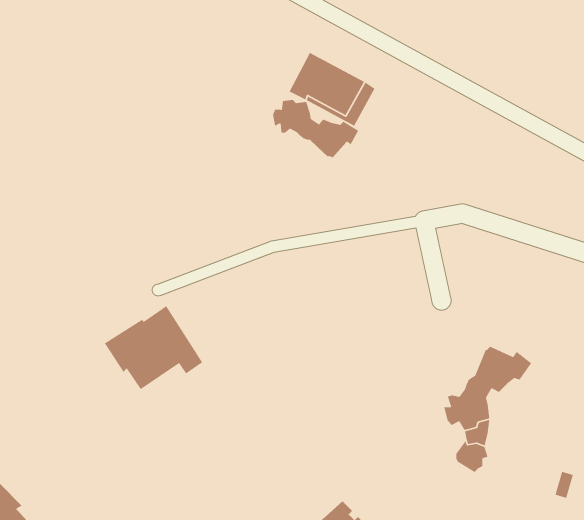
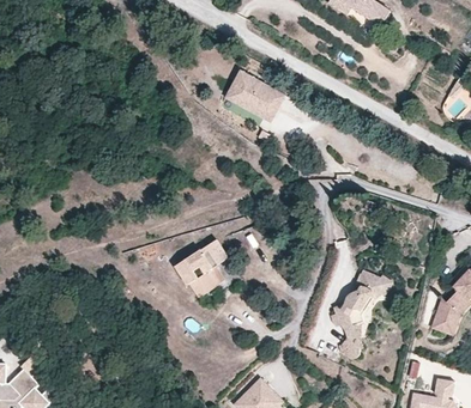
building: [272,99,359,158] -> none
building: [104,305,203,390] -> [174,239,242,298]

